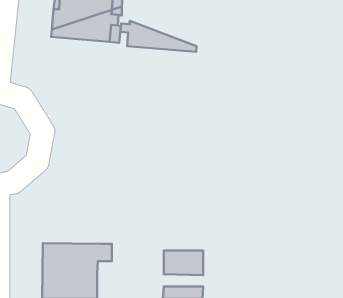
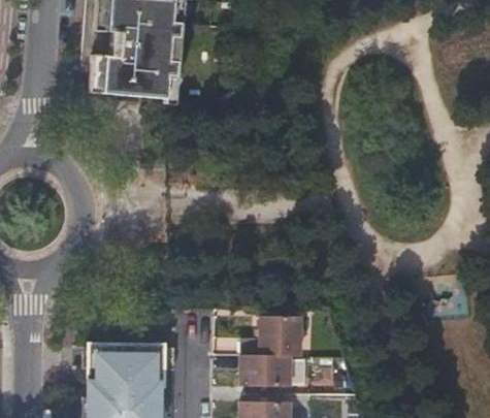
building: [120,21,196,52] -> none
building: none -> [234,317,294,356]

